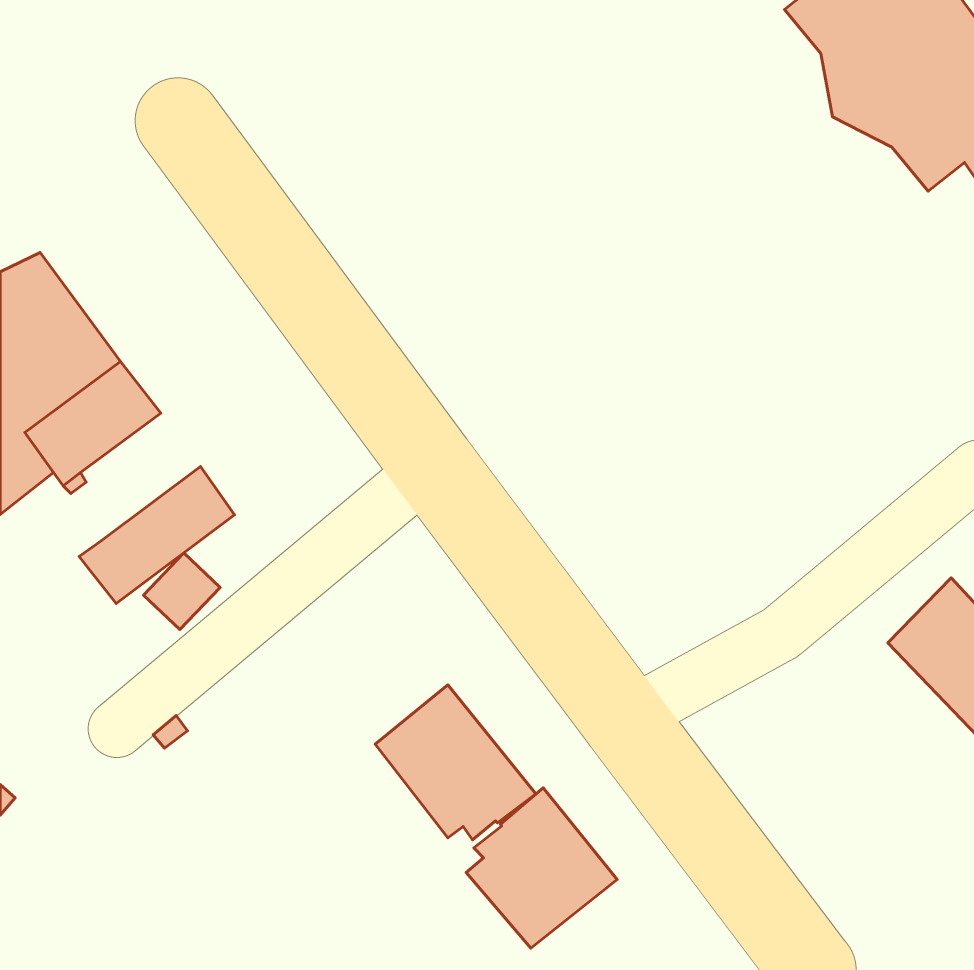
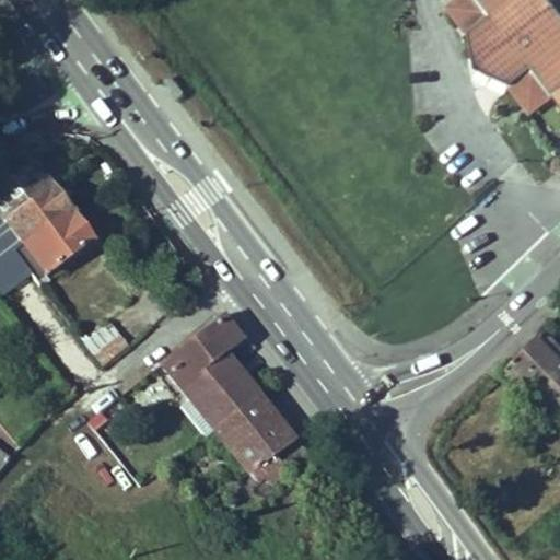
building: [79,466,235,603] -> none
building: none -> [164,312,258,425]
building: [466,788,617,948] -> none

